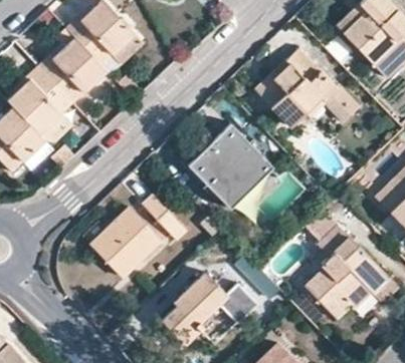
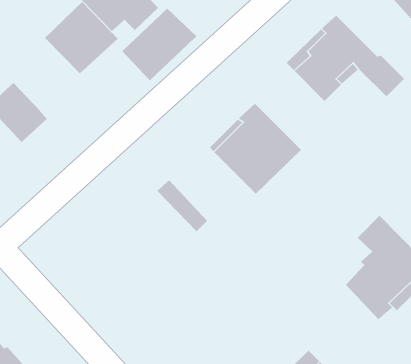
building: none -> [122,8,197,81]
building: [9,69,73,133] -> none
building: [90,208,160,276] -> none
building: [161,271,256,344] -> none

